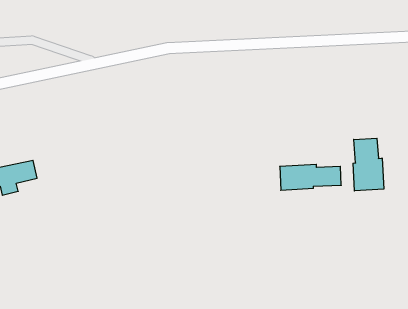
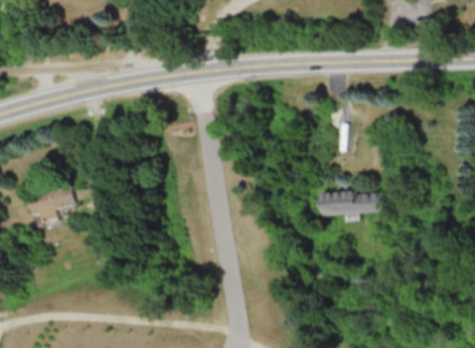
building: [353,138,384,191] -> none

